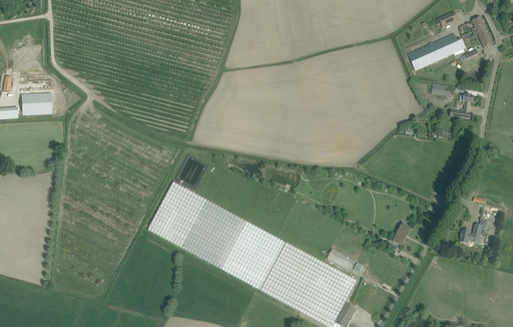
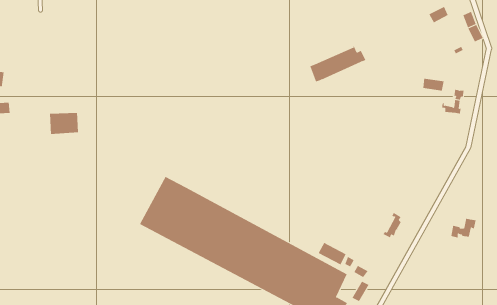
building: [408,32,465,69] -> [309,45,366,82]
building: [21,92,51,114] -> [49,113,79,135]

